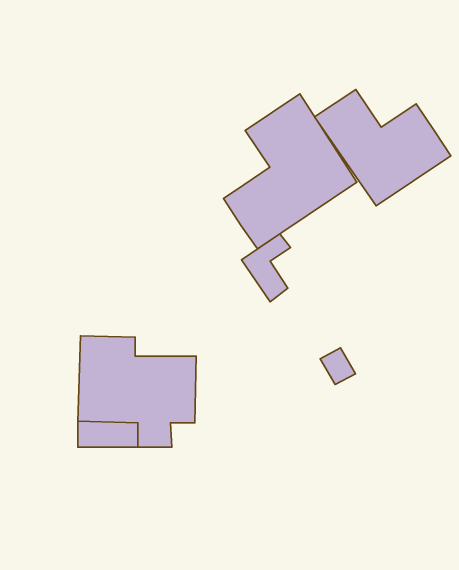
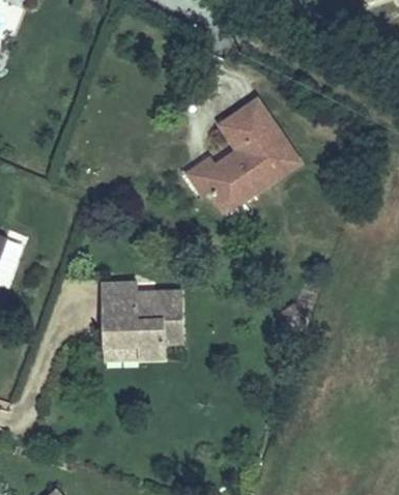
building: [315,90,451,206] -> none
building: [242,234,291,302] -> [181,155,219,207]

